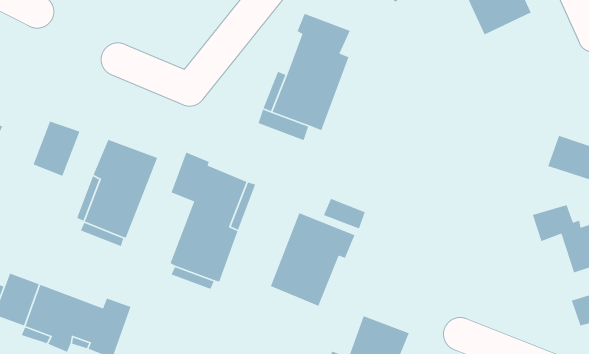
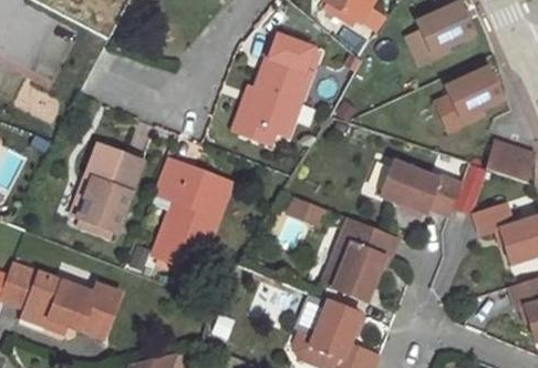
building: none -> [444,68,499,117]
building: [33,120,81,177] -> none
building: none -> [377,161,459,216]
building: [270,212,355,307] -> [320,217,395,300]

